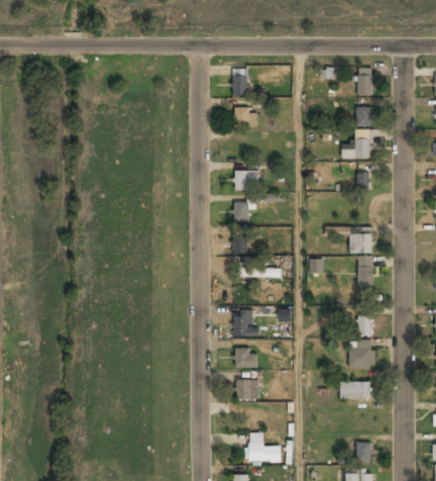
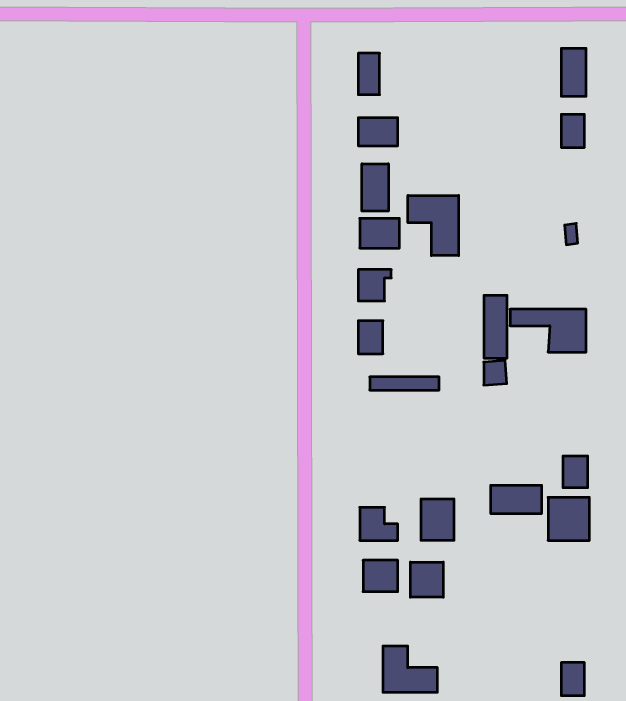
building: none -> [362,164,388,211]
building: [343,138,370,159] -> none
building: none -> [408,195,459,256]
building: [359,256,373,294] -> [484,295,507,358]
building: [234,311,254,336] -> [421,499,454,540]
building: none -> [410,562,443,597]
building: [340,382,371,399] -> [491,485,542,513]

